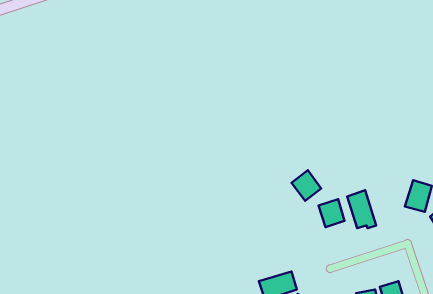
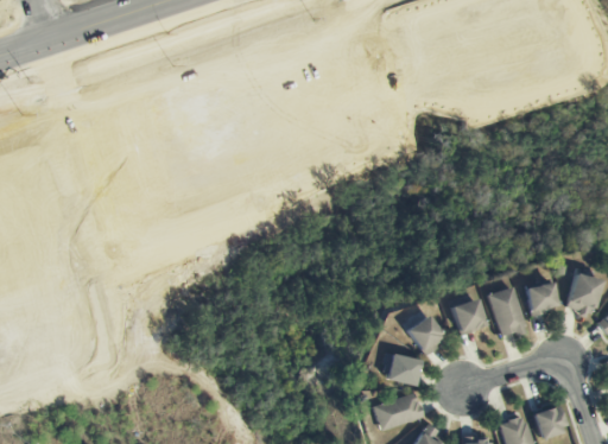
building: [292,170,321,201] -> [406,315,445,355]
building: none -> [526,284,555,313]
building: none -> [381,353,419,386]

